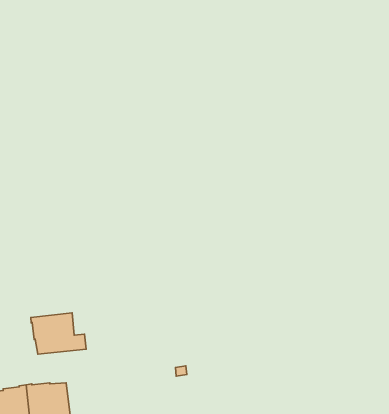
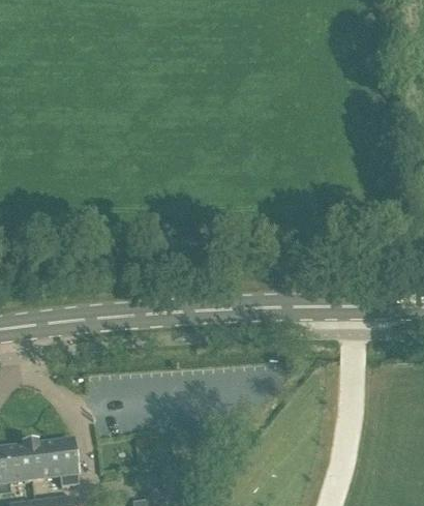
building: [31,313,86,354] -> none

